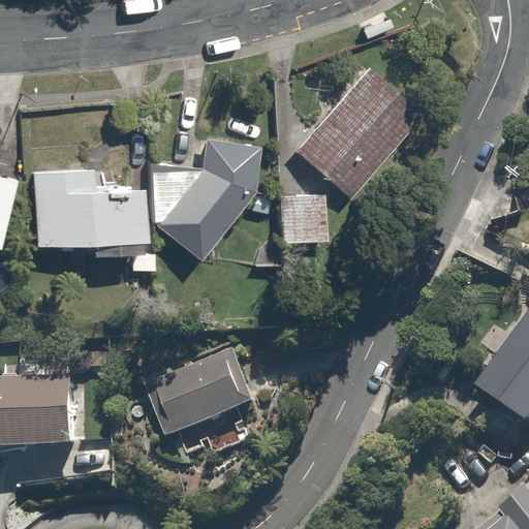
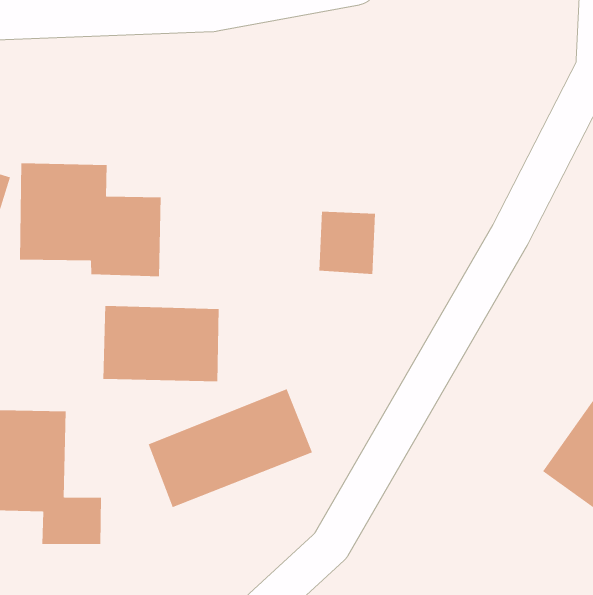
building: [293,65,421,197] -> none
building: [151,142,264,256] -> none
building: none -> [103,305,219,382]

